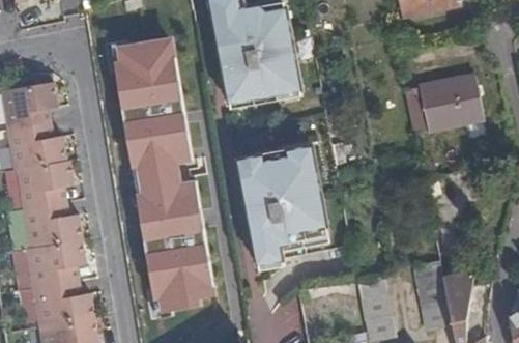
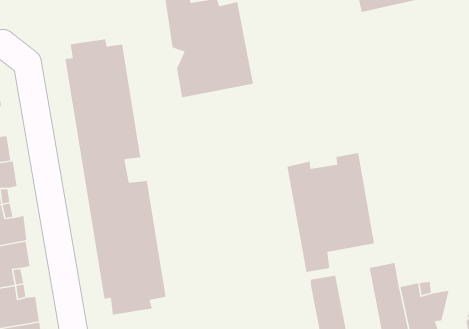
building: [404,77,485,135] -> none
building: [240,145,326,262] -> [287,152,375,273]

